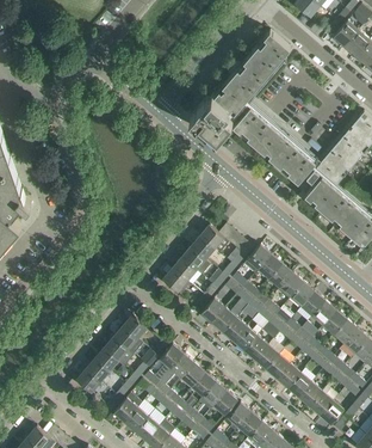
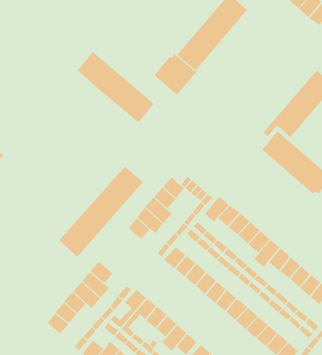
building: [232,105,315,182] -> [77,51,154,123]
building: none -> [59,166,144,258]

